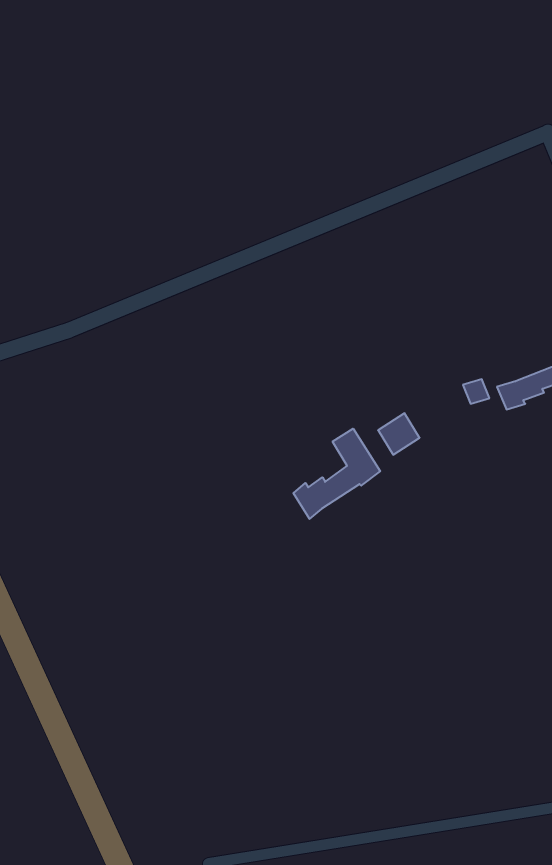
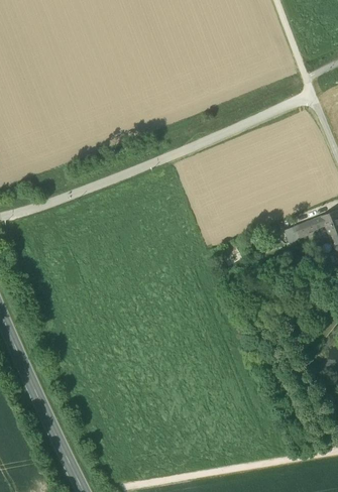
building: [293,429,380,519] -> none

